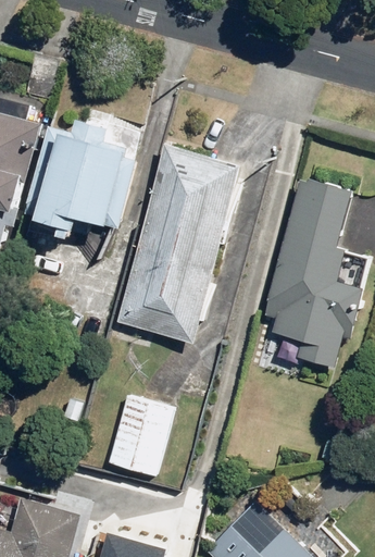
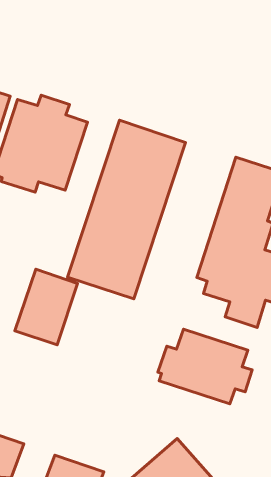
building: none -> [158,329,252,404]
building: [107,395,174,479] -> [15,269,77,345]

